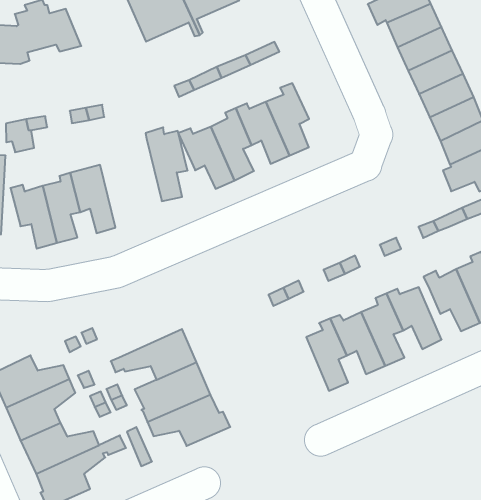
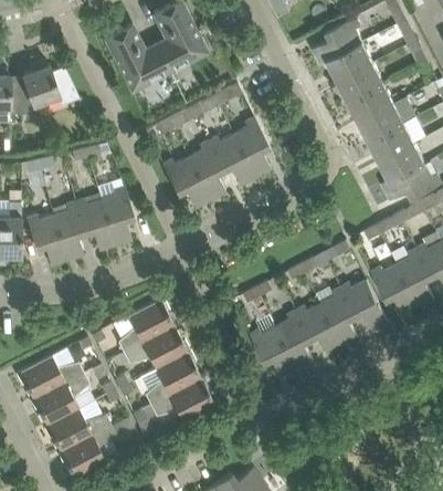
building: [146,127,188,201] -> [97,184,134,244]
building: none -> [112,296,173,352]
building: none -> [250,326,297,377]

